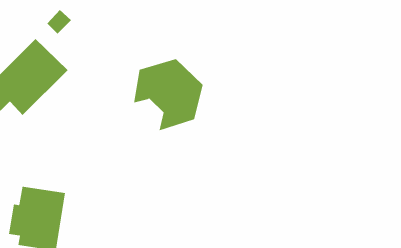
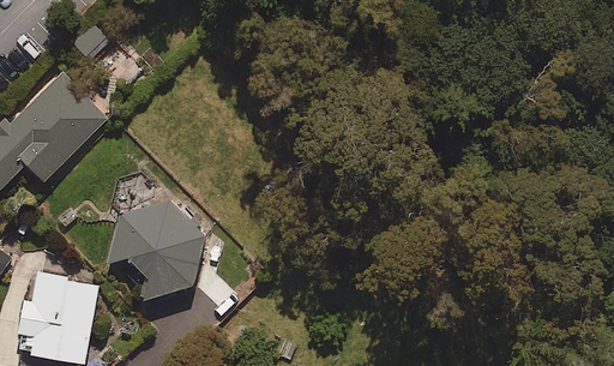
building: [133,58,203,131] -> [107,203,206,306]

